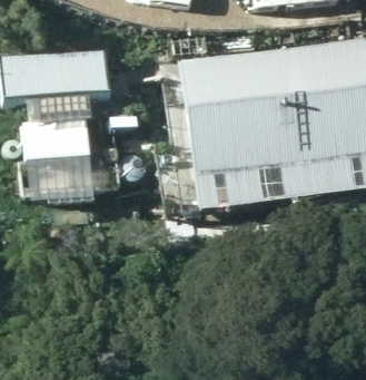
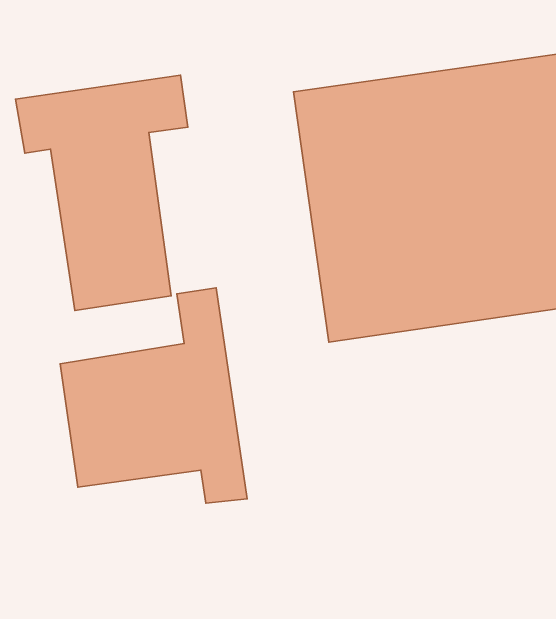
building: none -> [60,288,247,503]

